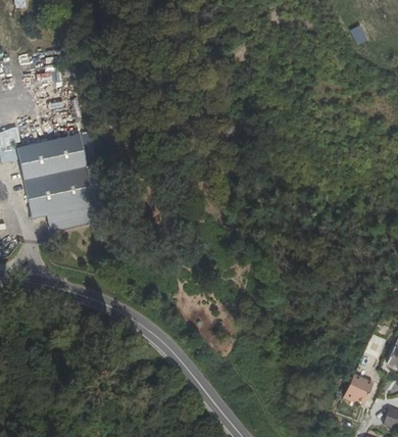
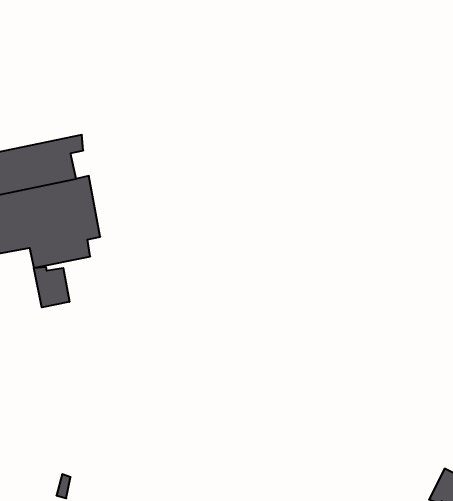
building: none -> [34,267,69,307]

